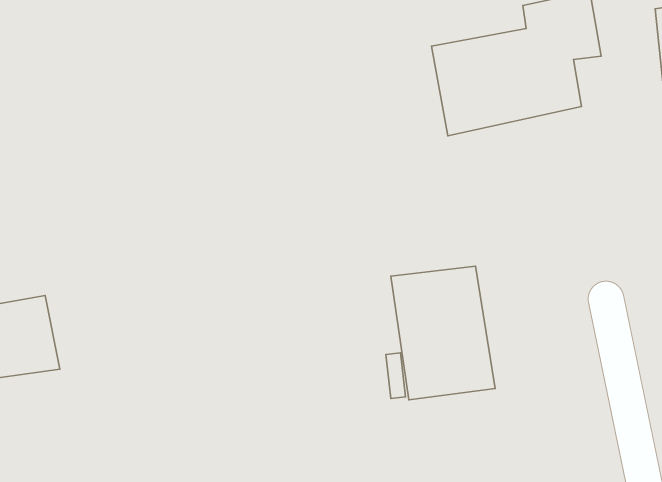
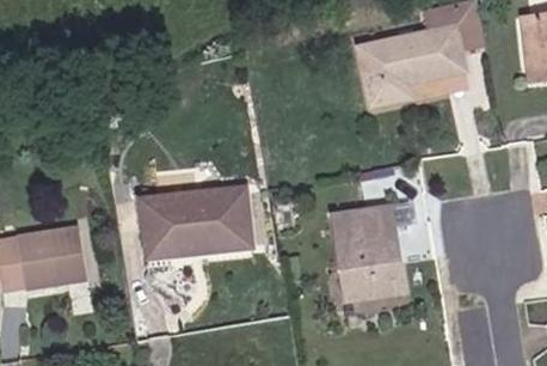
building: none -> [137,183,256,258]

